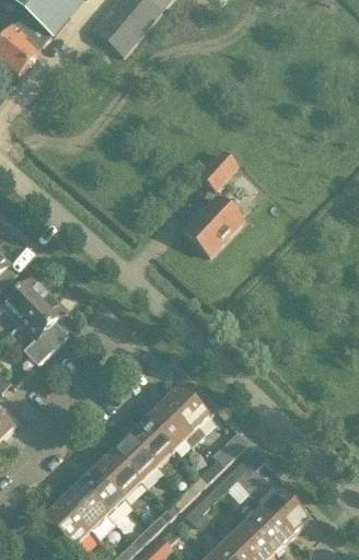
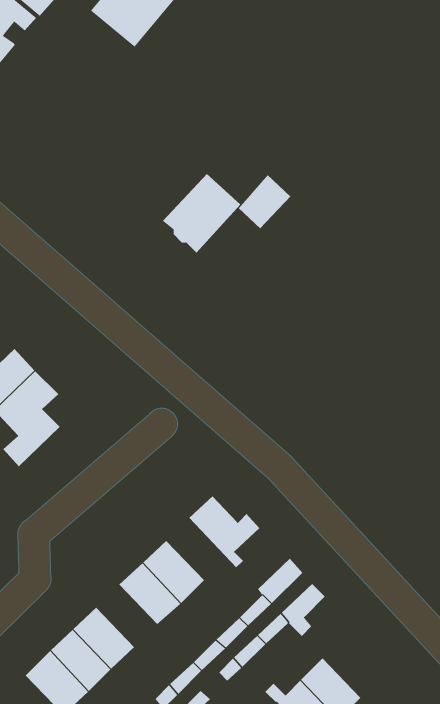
building: [184,196,242,255] -> [162,173,241,253]
building: [147,401,198,447] -> none
building: [95,451,140,497] -> none
building: [262,482,308,534] -> none

